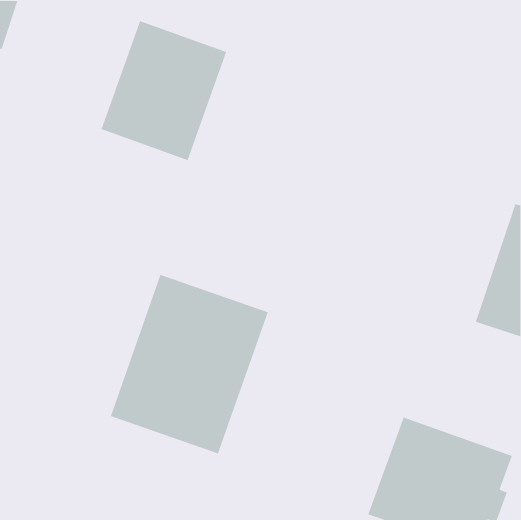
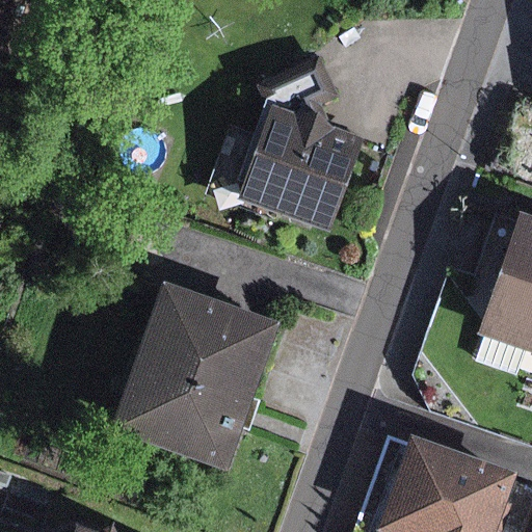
building: [101,20,227,161] -> none
building: none -> [242,112,362,236]

